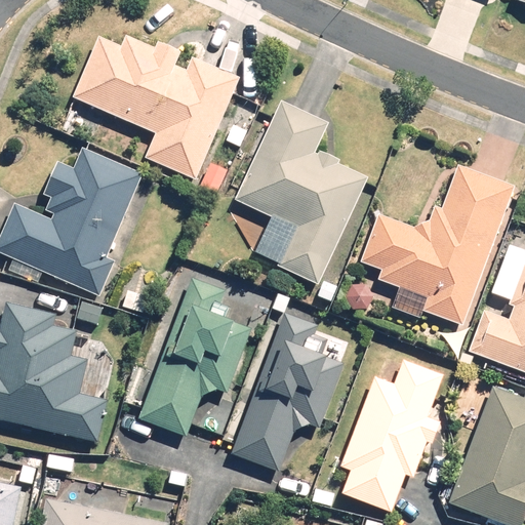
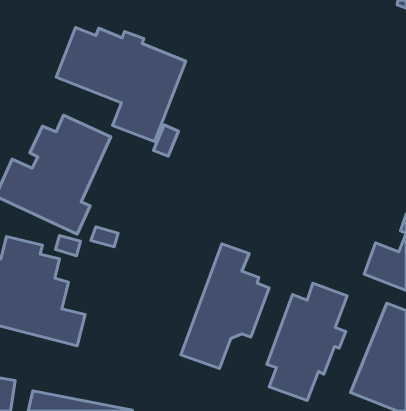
building: [234,100,368,284] -> none
building: [357,166,512,324] -> none
building: [140,278,251,436] -> none

